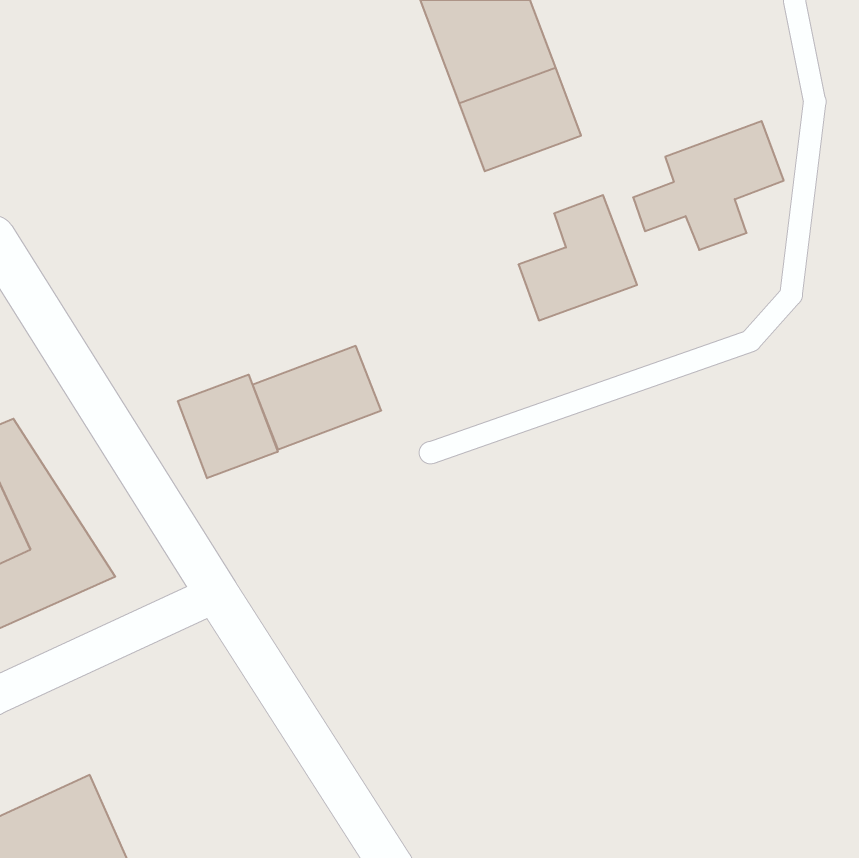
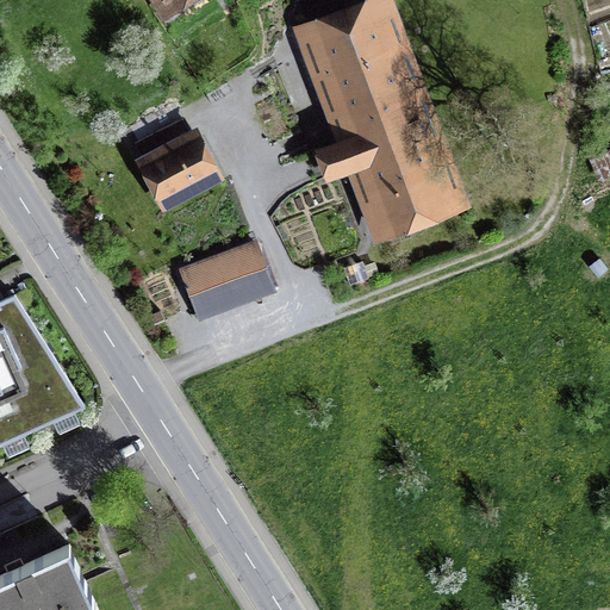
building: [633,121,784,250] -> [318,101,424,192]
building: none -> [135,126,206,201]
building: [178,375,278,478] -> none

